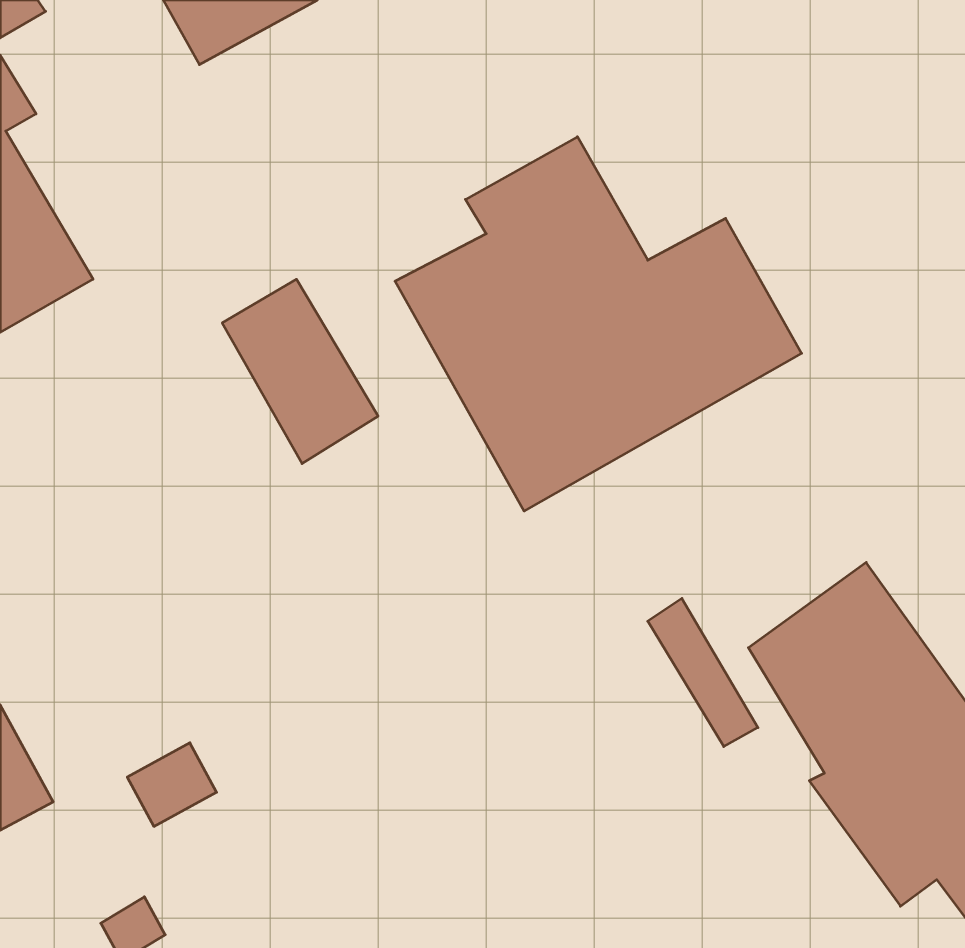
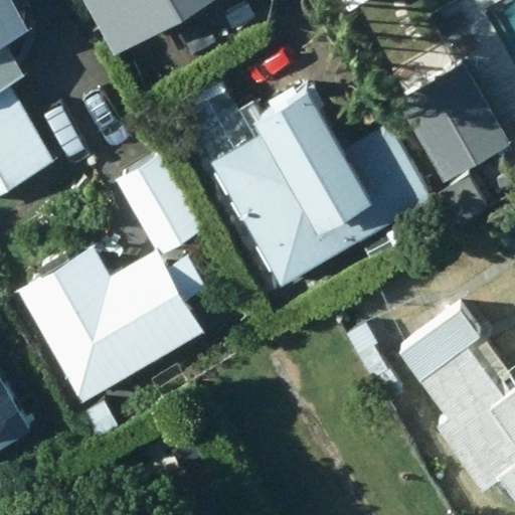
building: none -> [393,64,508,185]
building: none -> [14,245,199,401]

